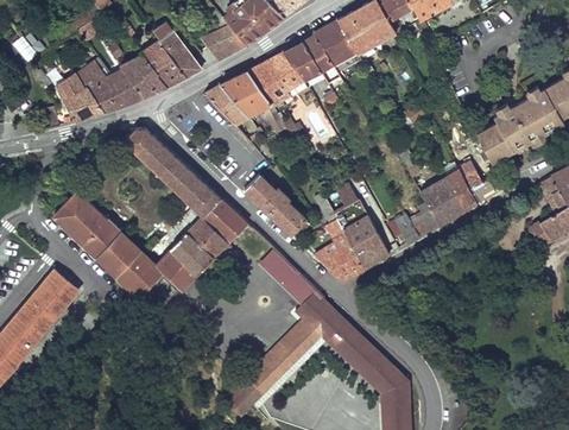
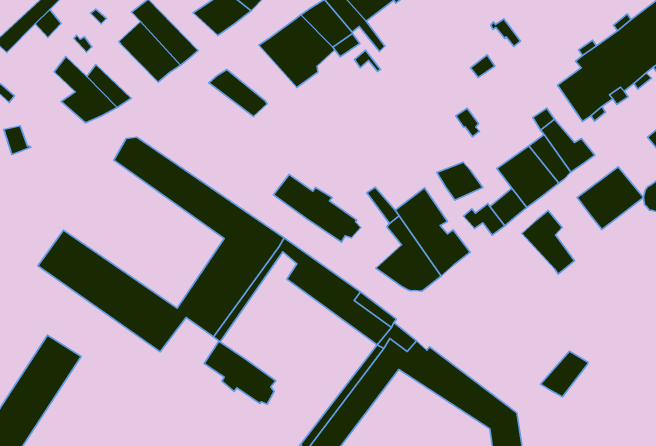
building: [119,55,166,97] -> none
building: [57,69,106,122] -> none
building: [221,70,283,126] -> none
building: none -> [437,162,483,200]
building: none -> [577,167,644,229]
building: none -> [522,210,575,274]
building: none -> [204,341,276,404]
building: none -> [540,351,588,397]

